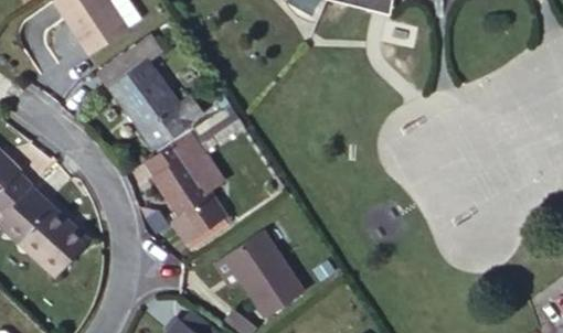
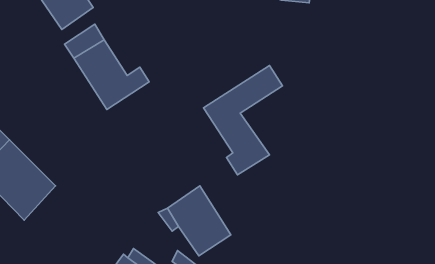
building: [148,110,243,241] -> [203,65,282,175]

